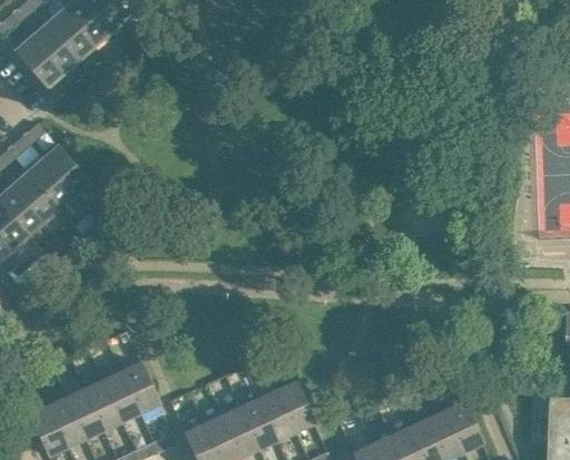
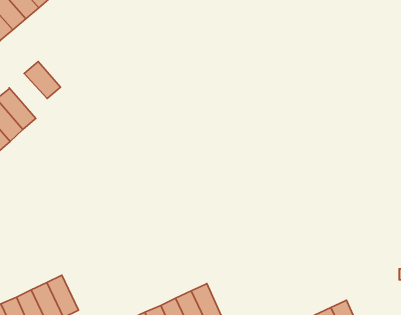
building: none -> [24,61,61,98]
building: [121,362,160,413] -> none

